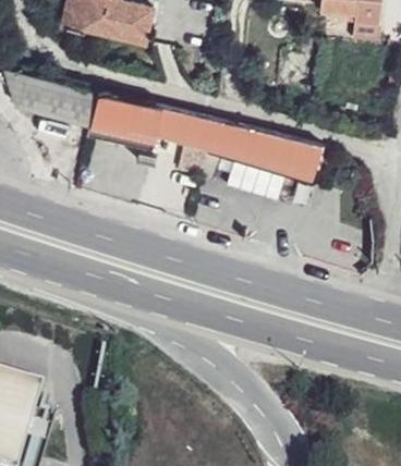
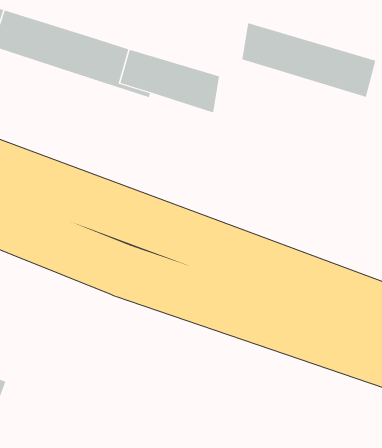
building: [206,120,320,177] -> [241,22,376,97]

